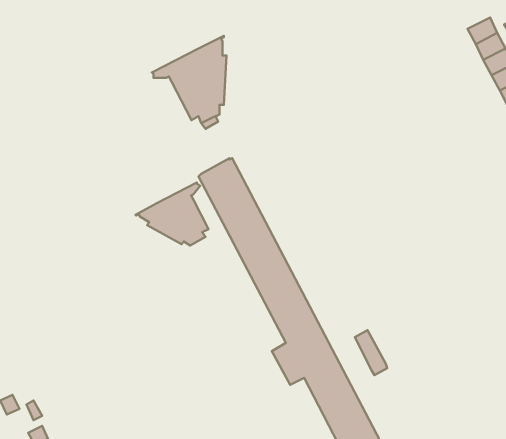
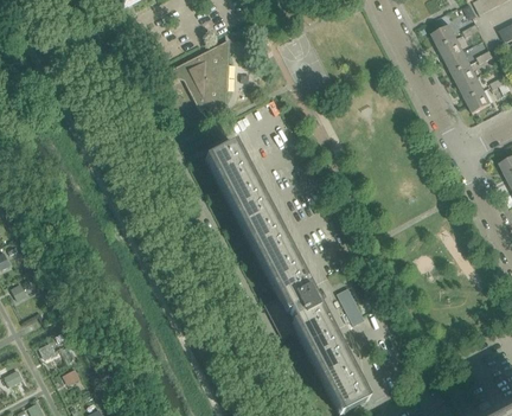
building: [135,182,209,246] -> none

